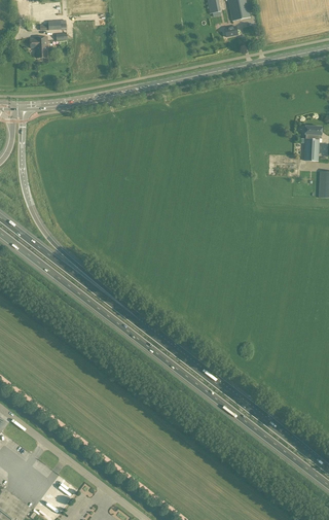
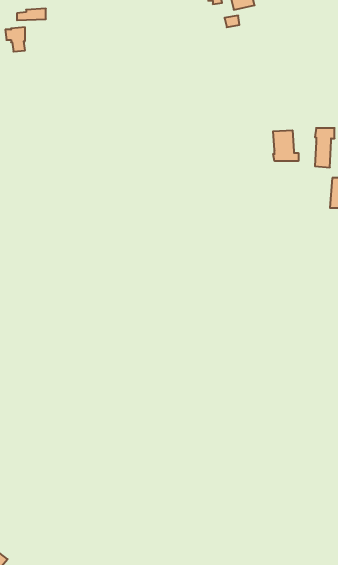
building: none -> [273,130,298,161]

